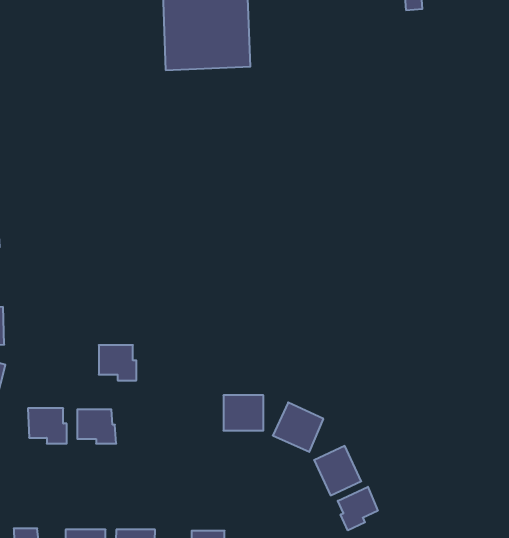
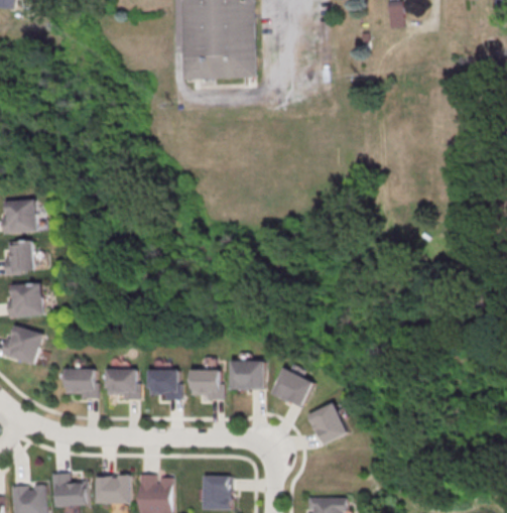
building: [99,345,136,380] -> [148,371,180,401]
building: none -> [189,371,223,401]
building: [338,487,378,530] -> none

